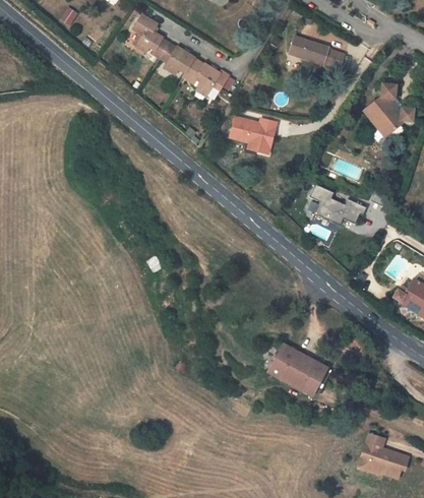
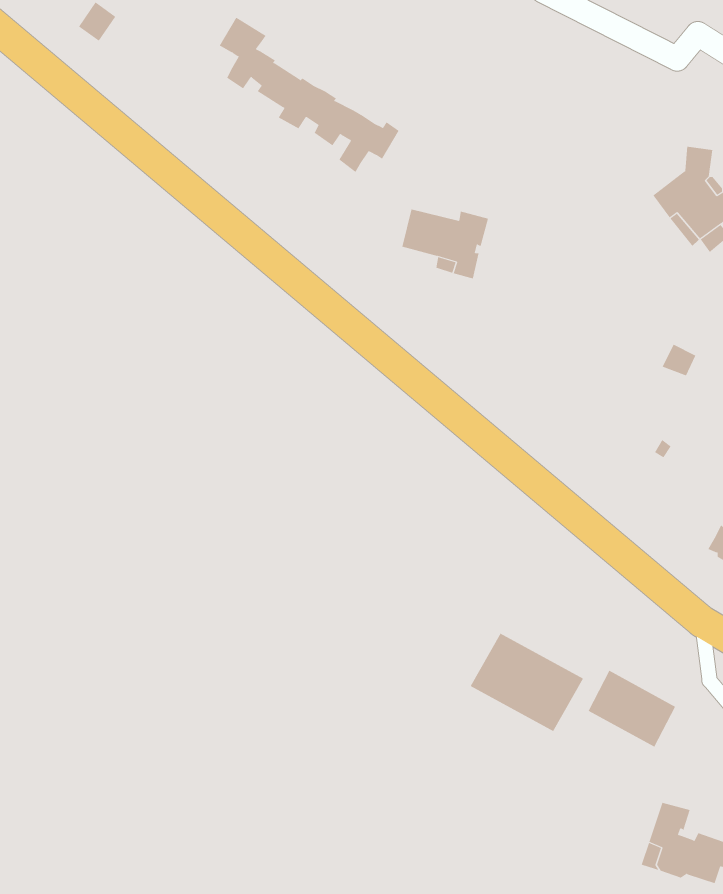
building: [289,36,345,68] -> none
building: [309,184,366,226] -> none
building: none -> [588,670,676,748]

